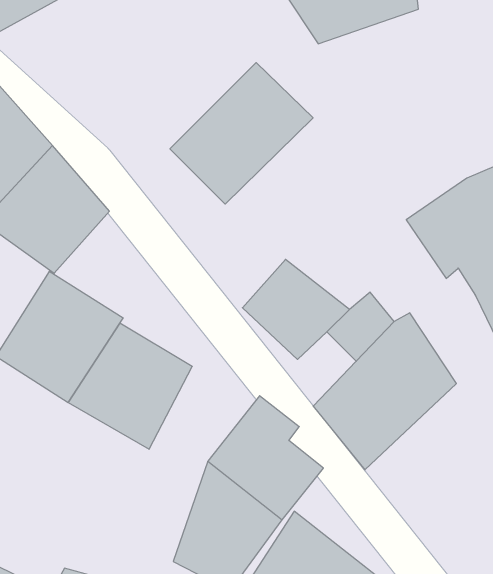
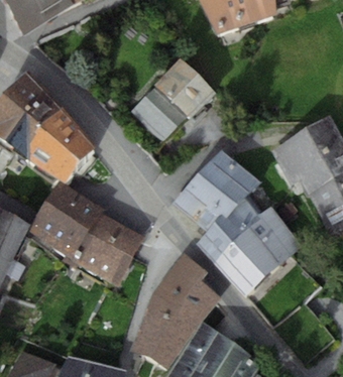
building: none -> [198,148,260,203]
building: none -> [198,216,239,259]

